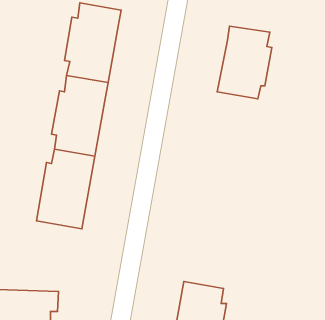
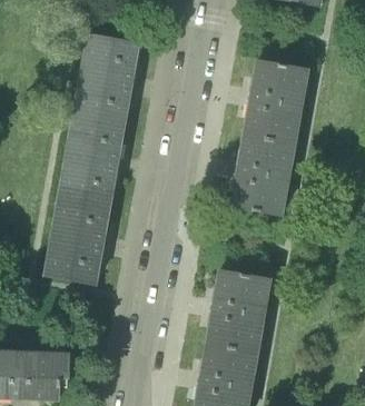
building: none -> [231,133,290,215]
building: none -> [207,270,267,350]

